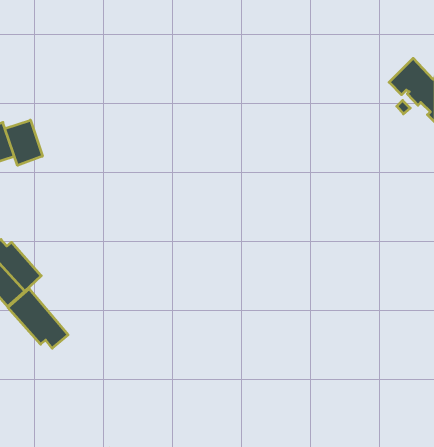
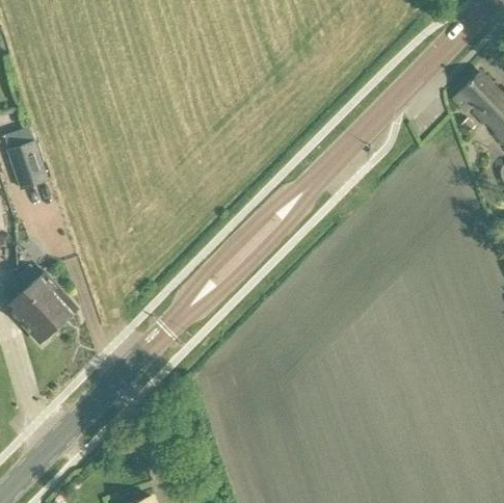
building: [5,120,42,165] -> none
building: [8,289,68,348] -> none

